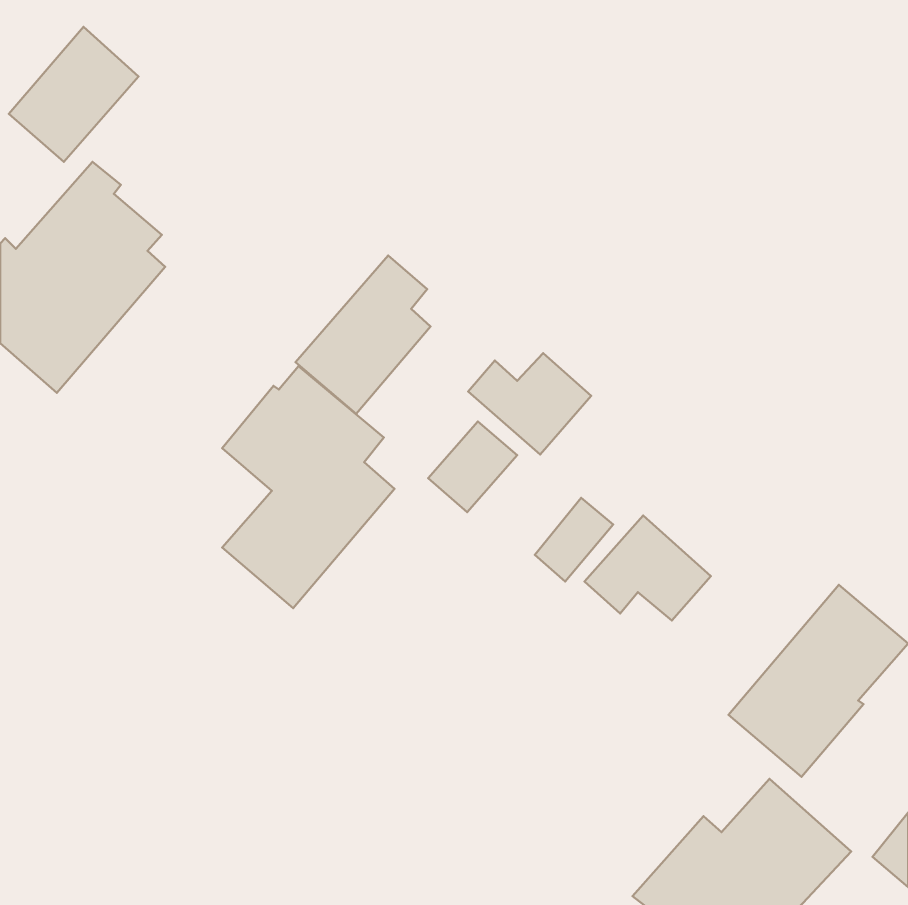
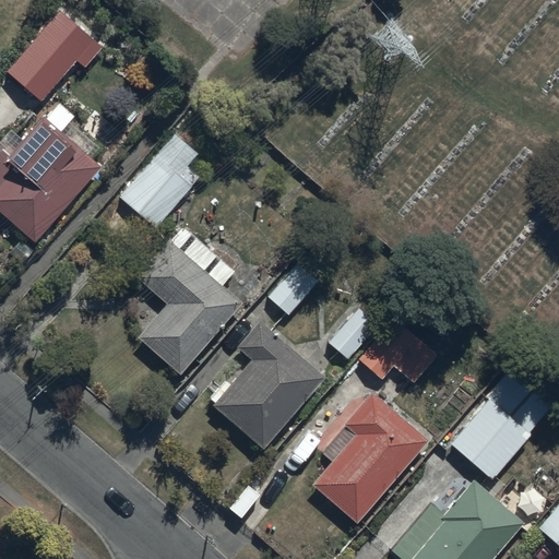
building: [296,255,431,414] -> [116,133,199,230]
building: [468,353,591,455] -> none
building: none -> [213,321,324,447]
building: none -> [311,392,429,524]

